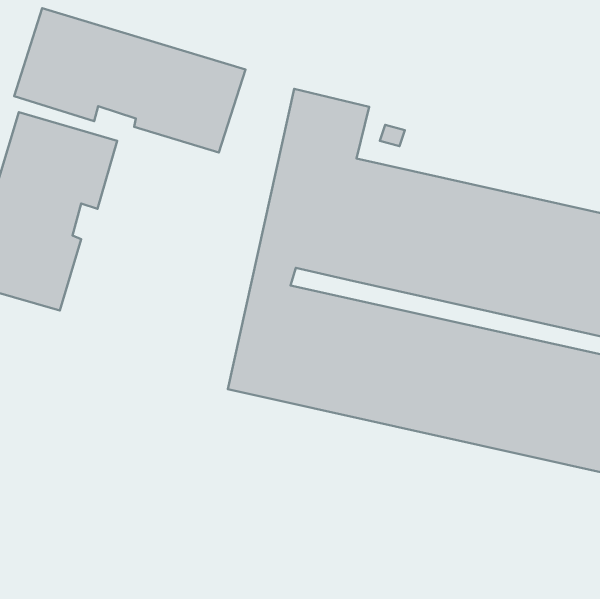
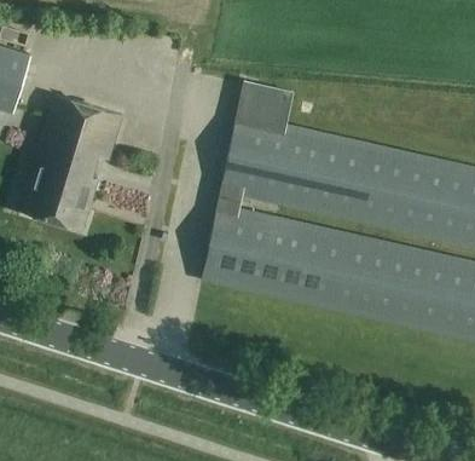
building: [14,8,245,153] -> none

